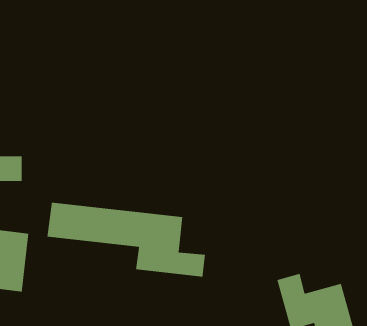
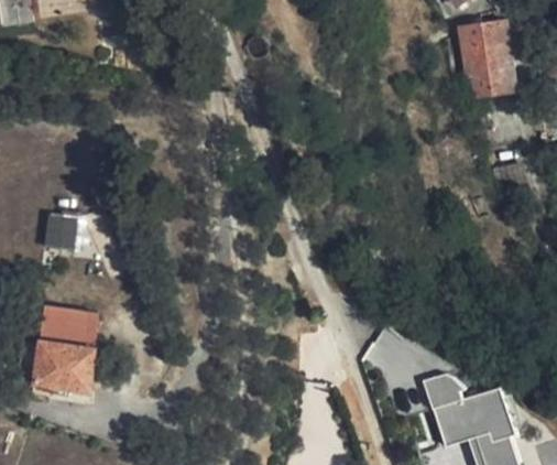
building: none -> [456,23,513,98]
building: [47,202,205,277] -> none

